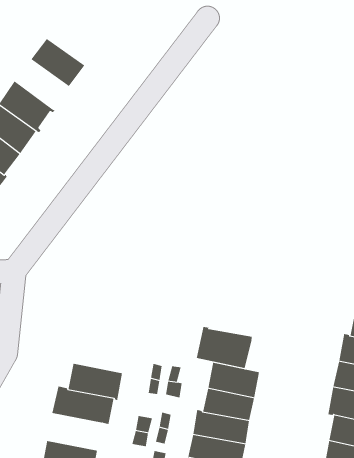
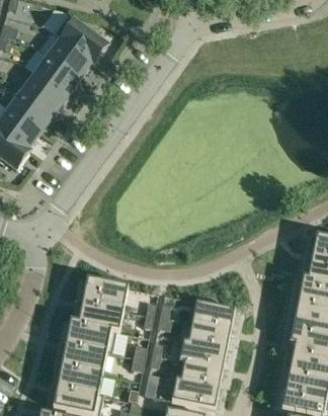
building: none -> [61,17,107,61]
building: none -> [34,54,79,94]
building: [196,326,252,369] -> none
building: none -> [82,278,128,309]
building: none -> [61,341,106,371]

